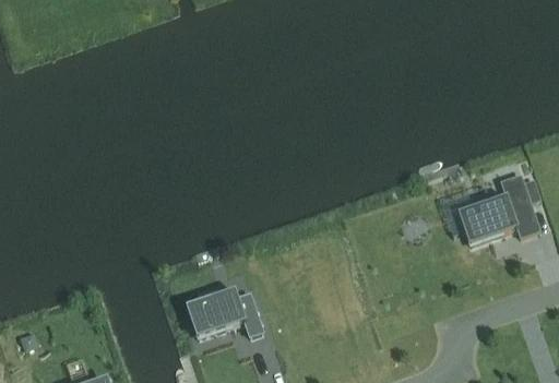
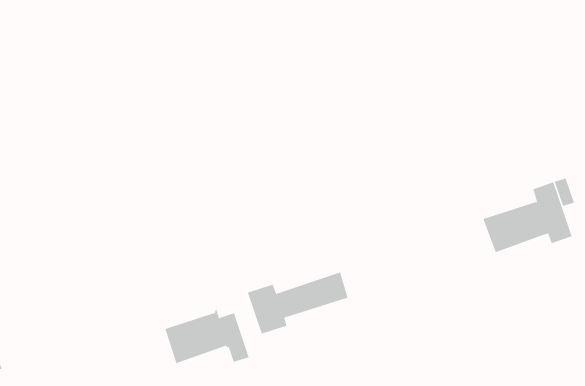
building: none -> [247,272,348,334]

